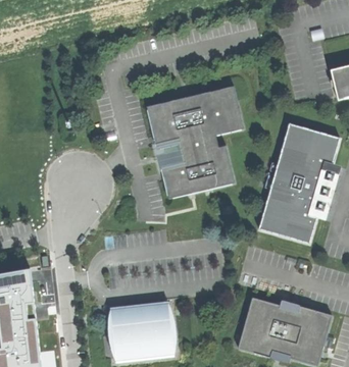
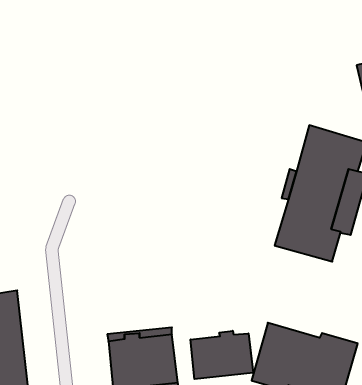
building: [147,86,244,198] -> none
building: none -> [191,331,253,379]

